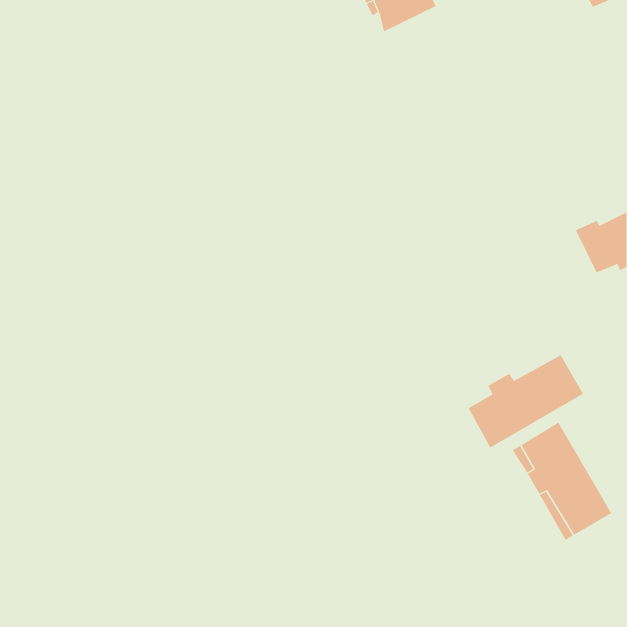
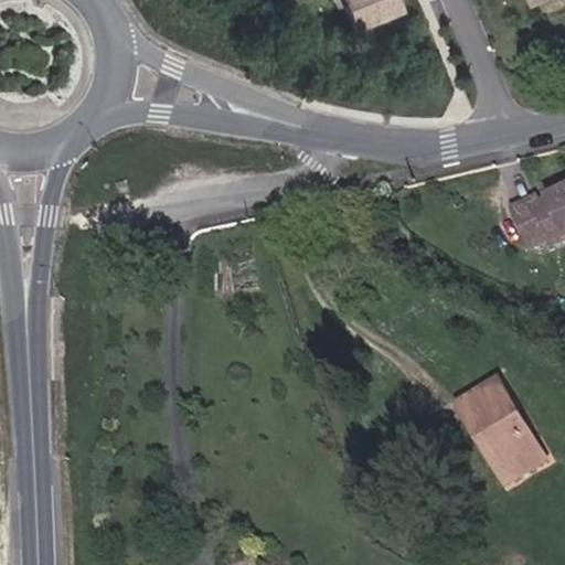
building: [468,354,584,448] -> none

